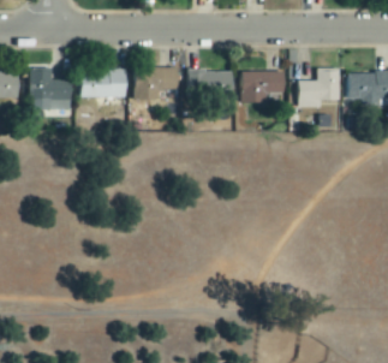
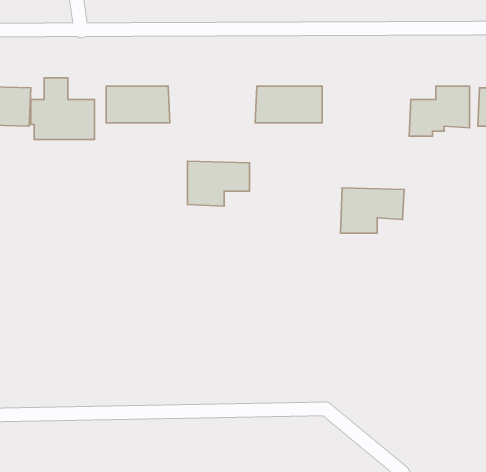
building: [131,66,175,99] -> [187,161,249,206]
building: [238,70,283,102] -> [340,188,404,233]

